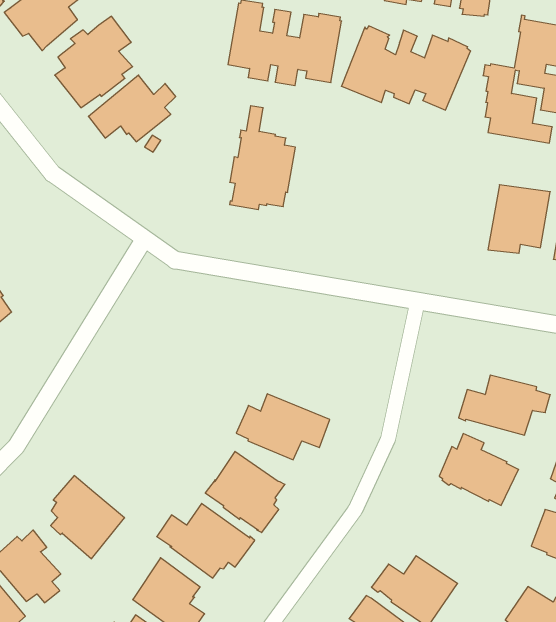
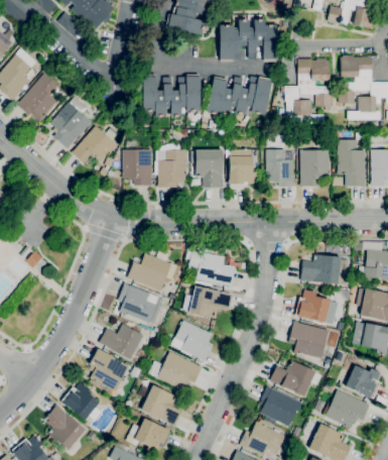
building: none -> [123,149,153,186]
building: none -> [197,149,225,188]
building: none -> [229,148,259,187]
building: none -> [266,149,296,187]
building: none -> [127,251,182,291]
building: none -> [189,251,236,286]
building: none -> [118,282,164,324]
building: none -> [100,324,144,360]
building: none -> [290,321,329,358]

